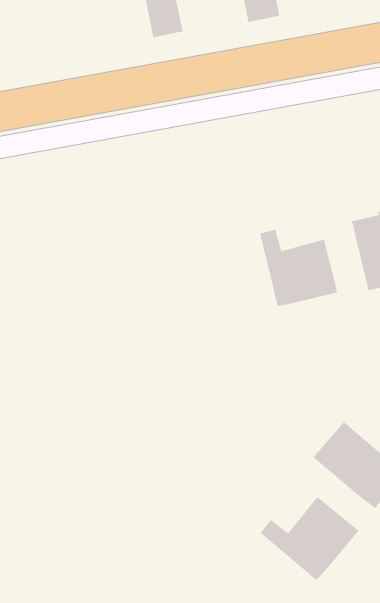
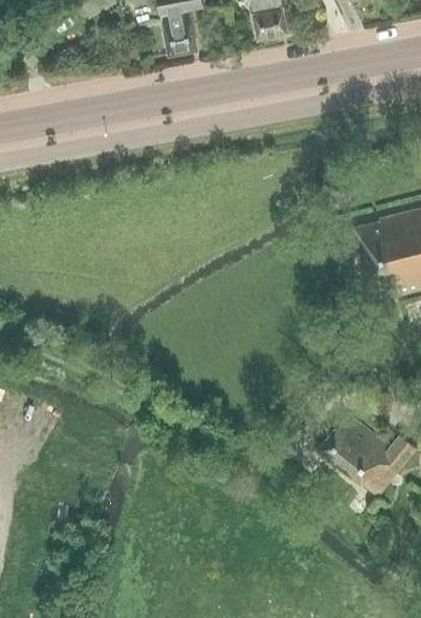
building: [259,229,338,307] -> none
building: [260,496,359,581] -> none

